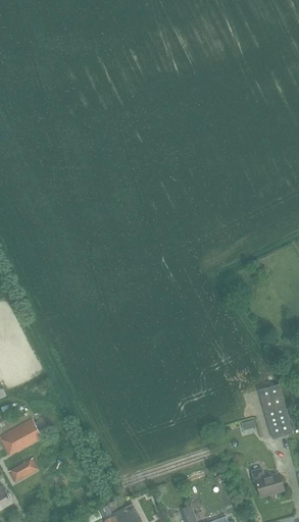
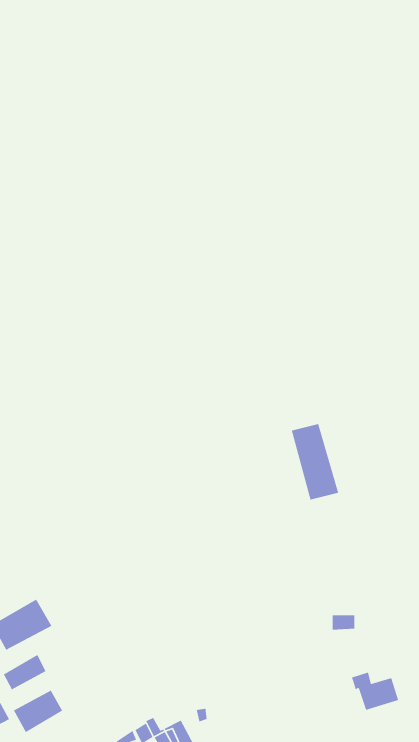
building: [258,384,292,438] -> [291,423,339,500]
building: none -> [13,690,63,733]

